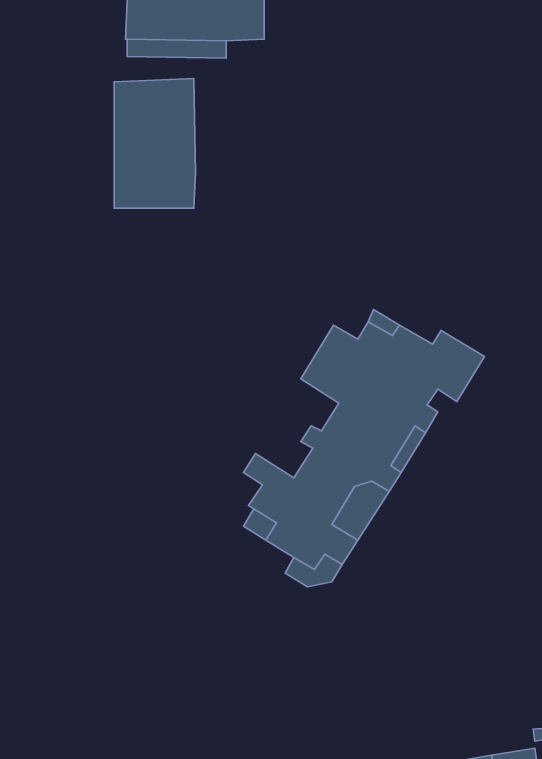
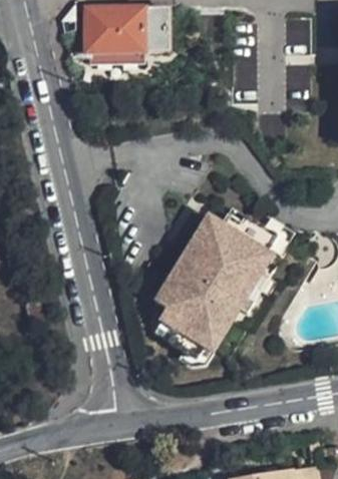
building: [114,78,196,208] -> none
building: none -> [158,249,207,306]

